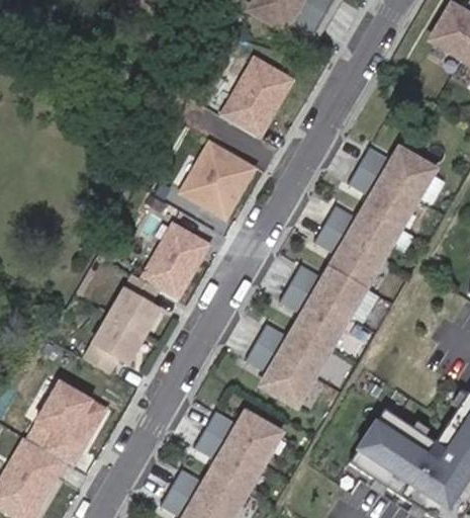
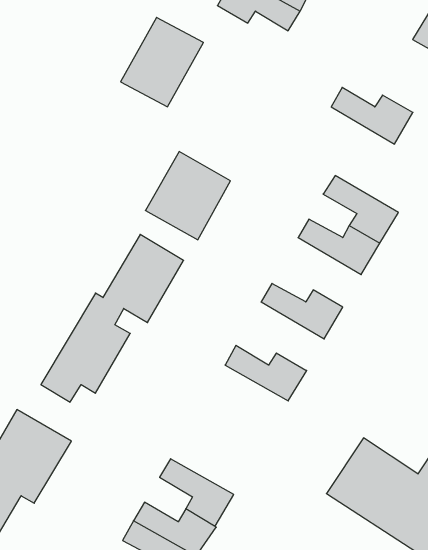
building: [219,57,296,140] -> [121,17,203,107]
building: [356,146,432,198] -> [331,87,413,144]
building: [311,222,380,286] -> none
building: [277,281,346,345] -> none
building: [243,340,312,404] -> none
building: [203,409,279,460] -> none

